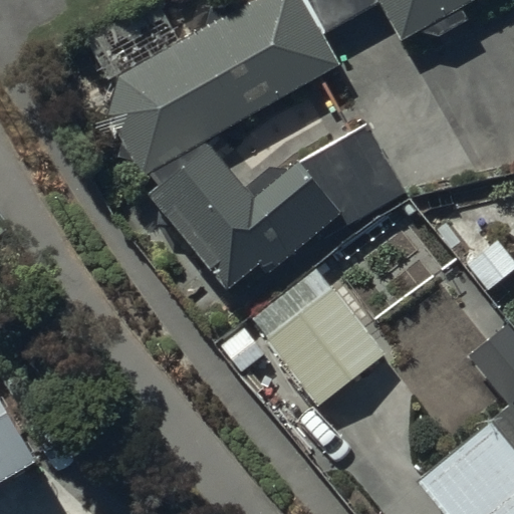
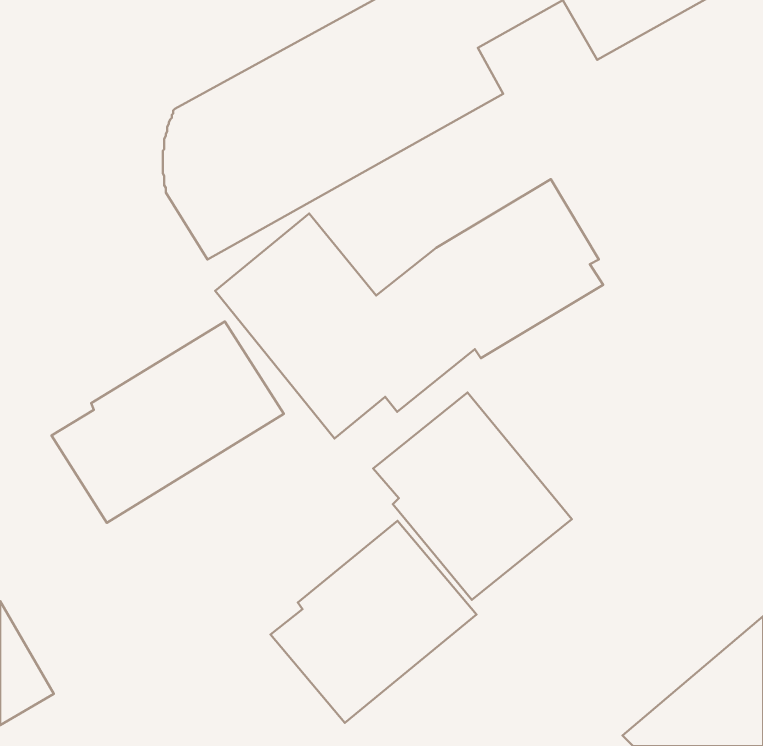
building: none -> [52,321,284,523]
building: none -> [271,521,476,723]

